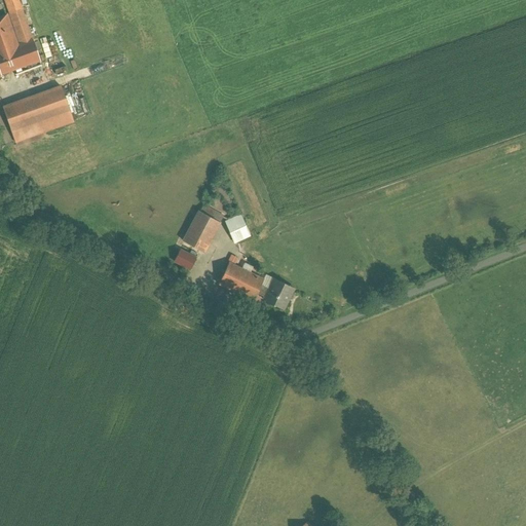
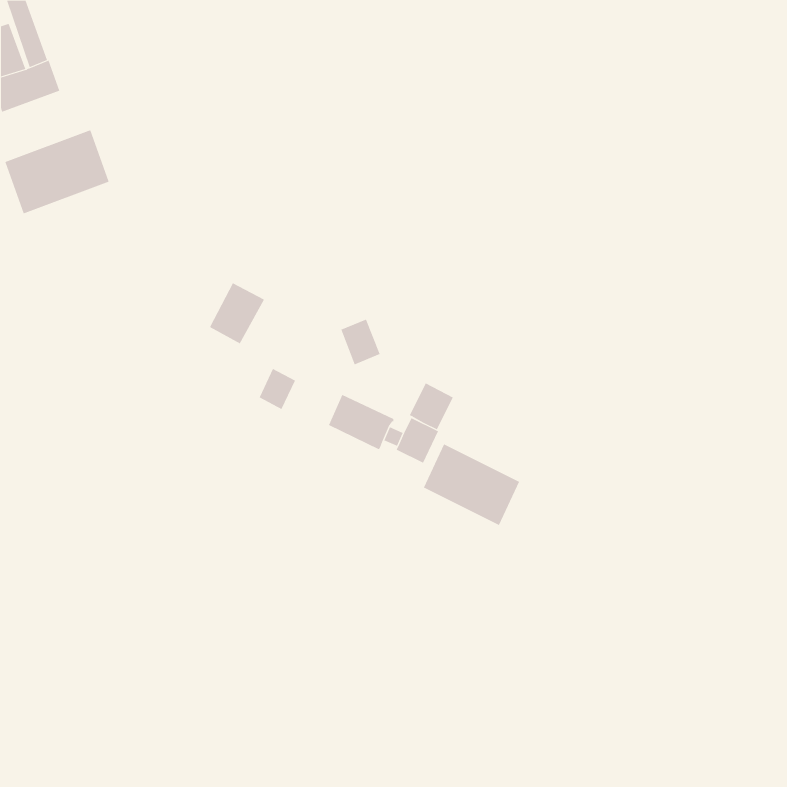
building: [183,212,220,253] -> [209,283,265,344]
building: none -> [409,382,454,430]
building: none -> [423,444,520,526]

